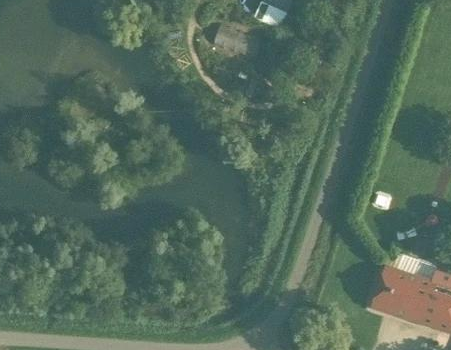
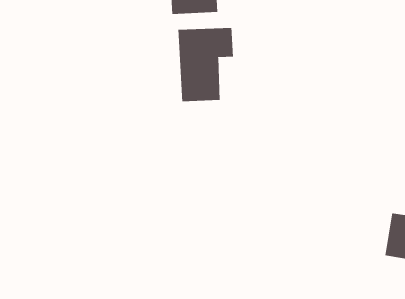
building: none -> [178,27,234,102]

